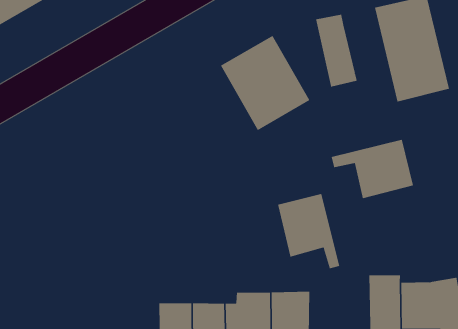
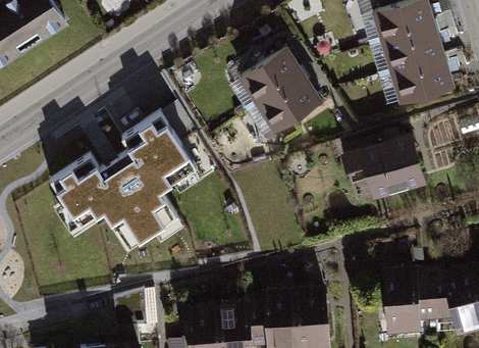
building: [315,14,358,87] -> none
building: none -> [48,116,197,245]
building: [278,193,340,269] -> none

